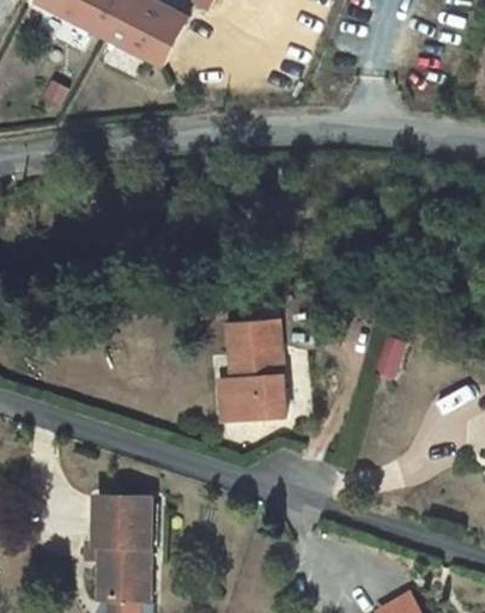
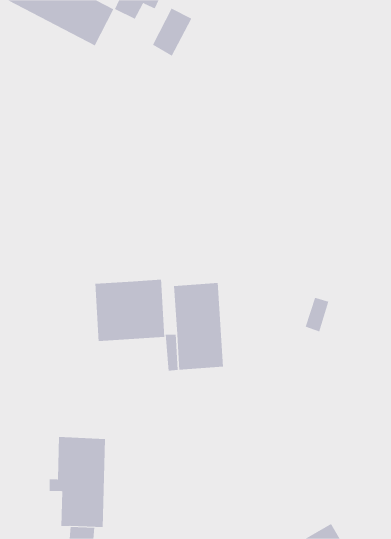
building: [139,11,184,66] -> [152,8,192,56]
building: none -> [95,279,165,342]

